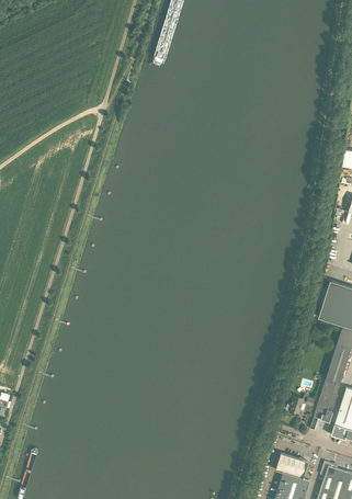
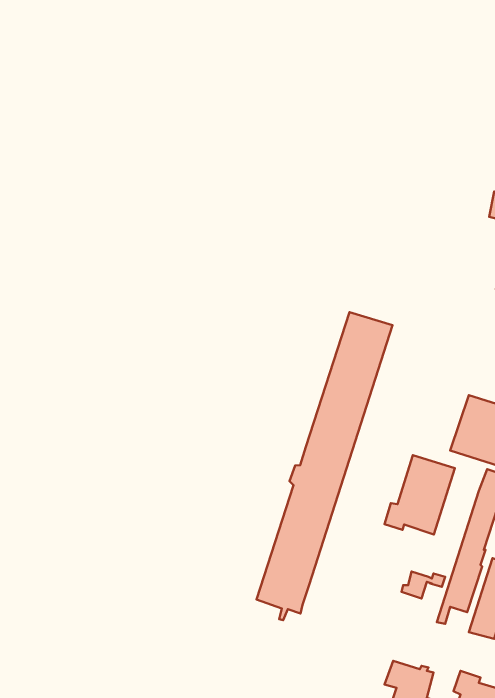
building: none -> [257,312,392,620]
building: none -> [384,455,455,534]

